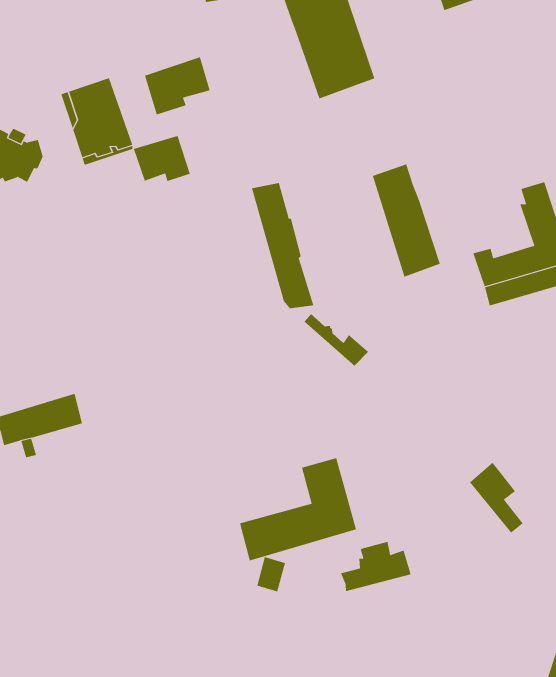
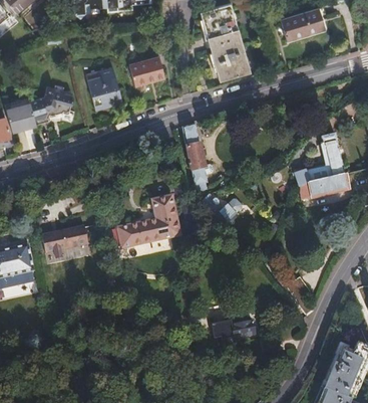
building: [133,135,191,182] -> none
building: [372,163,440,278] -> none
building: [239,457,357,561] -> [116,198,177,249]

